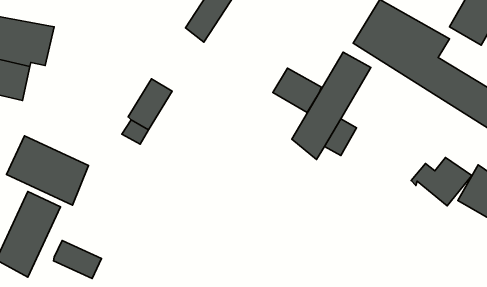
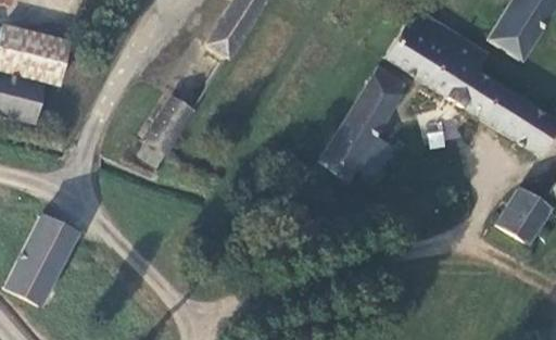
building: [273,68,321,113] -> none
building: [7,136,88,205] -> none
building: [411,157,472,206] -> none
building: [53,240,101,278] -> none

